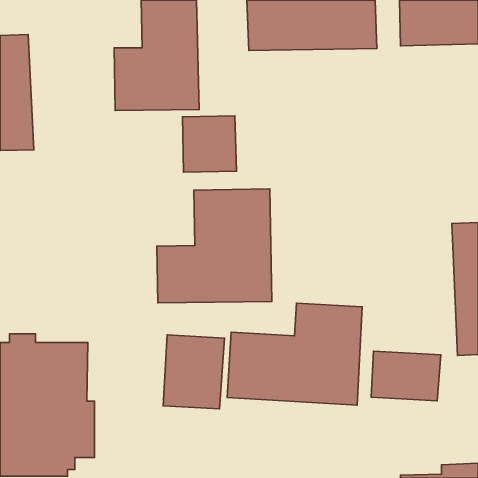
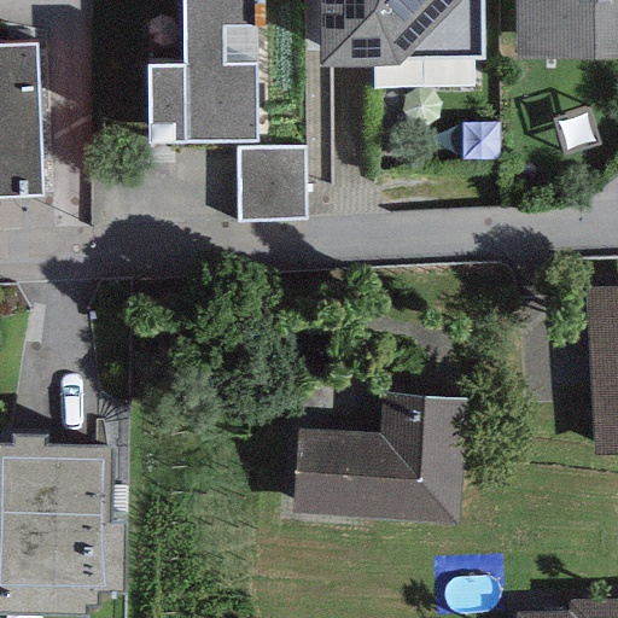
building: [157,189,272,303] -> none
building: [163,335,224,409] -> none
building: [371,351,441,401] -> none

